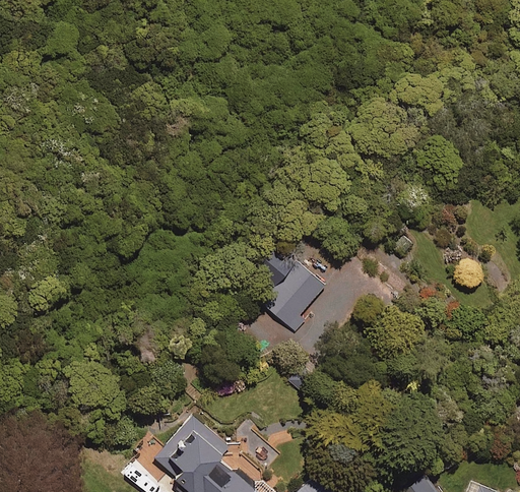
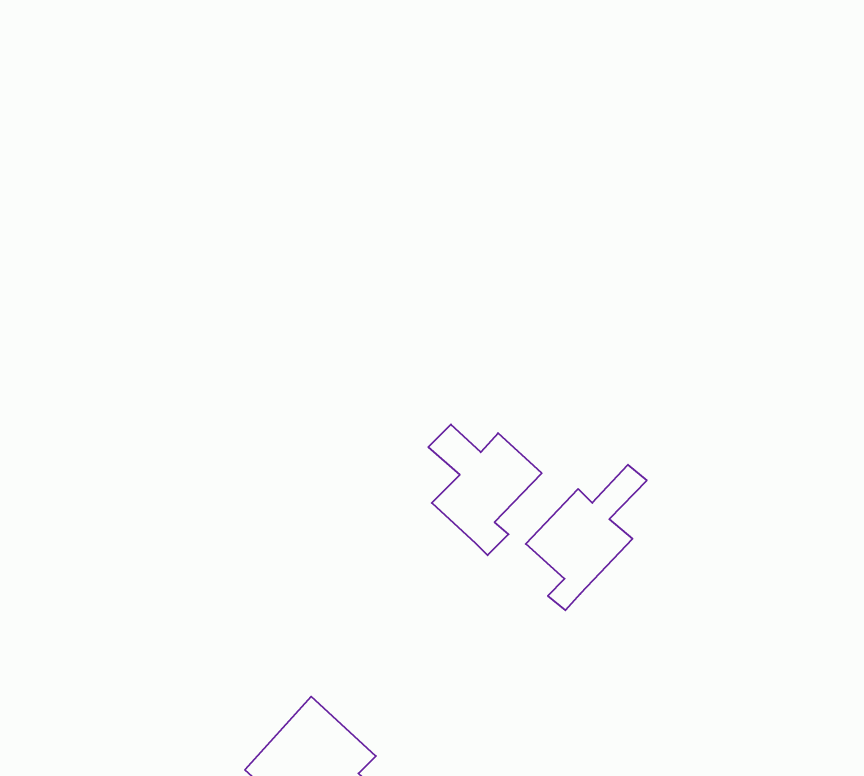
building: none -> [526,465,647,610]

